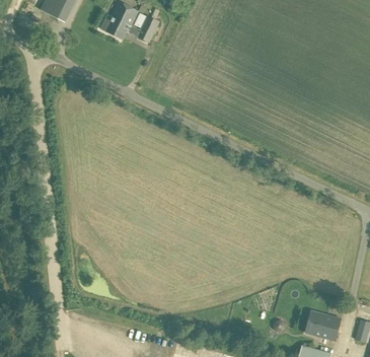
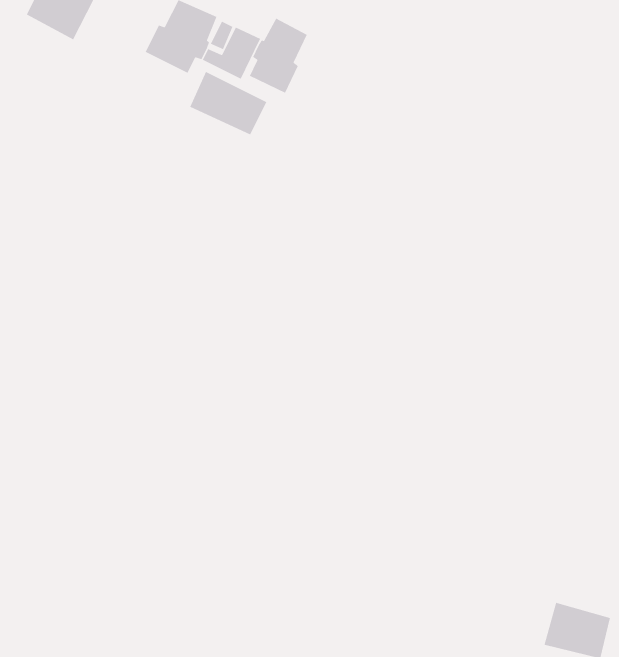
building: none -> [249,17,308,94]
building: none -> [189,71,267,135]

